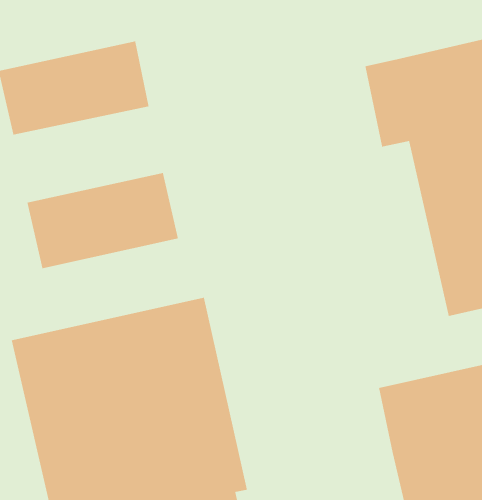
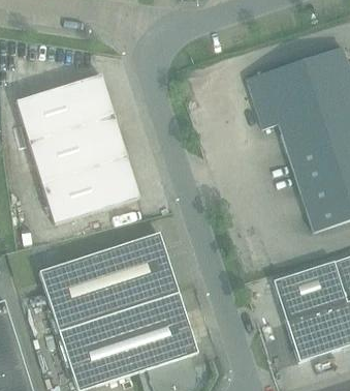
building: none -> [29,115,126,182]

